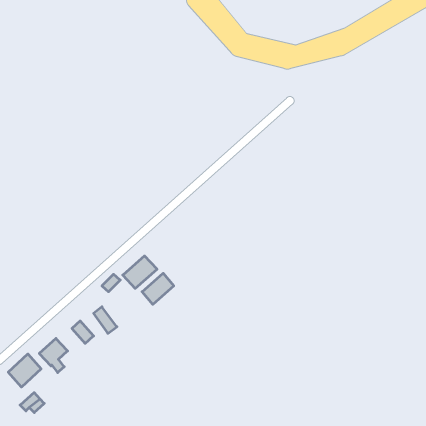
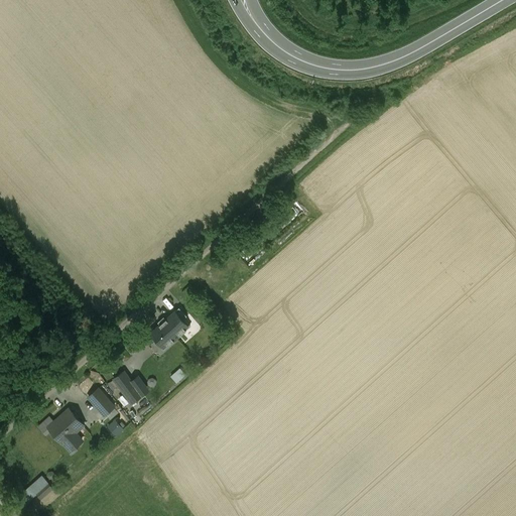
building: [142,273,174,304] -> none
building: [8,354,41,387] -> none

